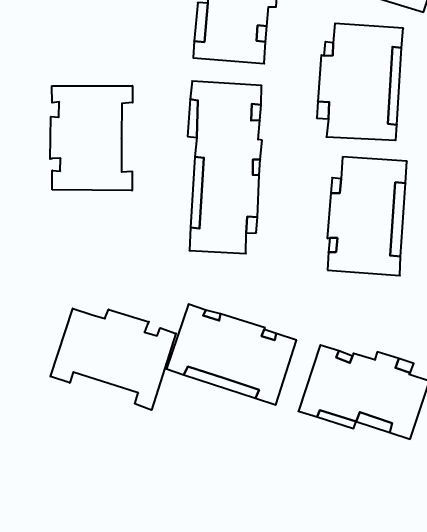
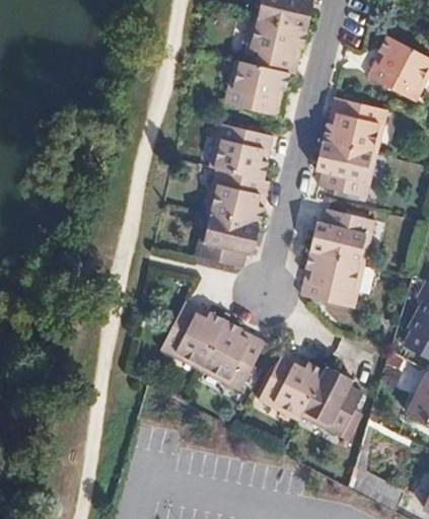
building: [50,86,133,191] -> none
building: [50,308,176,410] -> none

